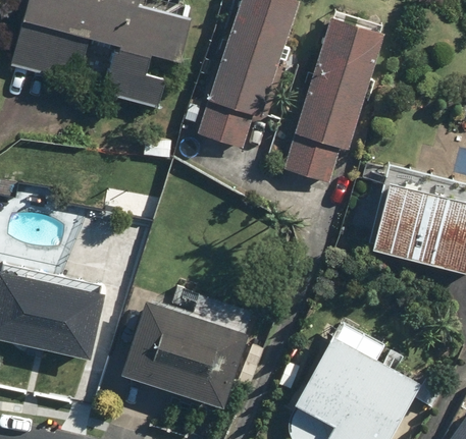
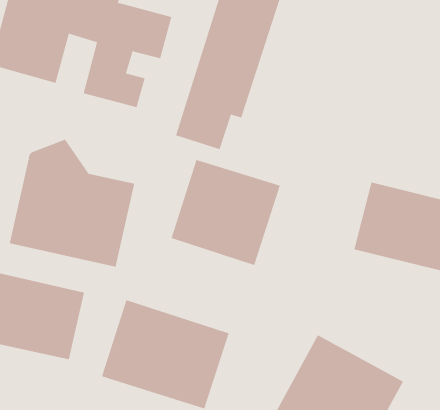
building: [282,17,383,184] -> none
building: none -> [9,139,135,268]
building: none -> [171,159,280,266]

